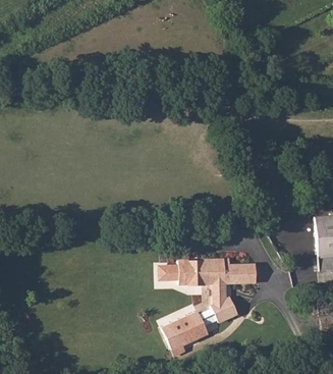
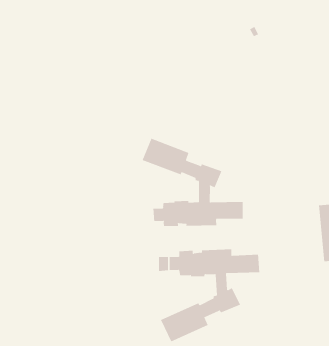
building: none -> [142,138,243,227]

